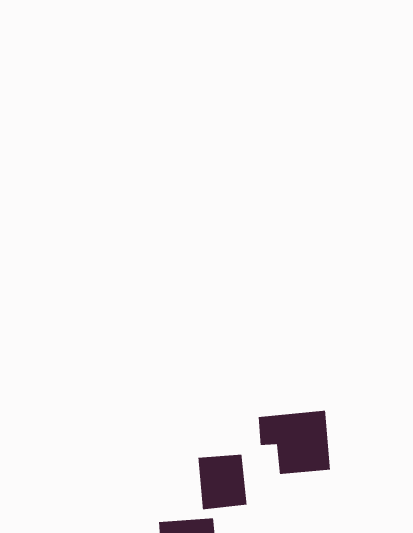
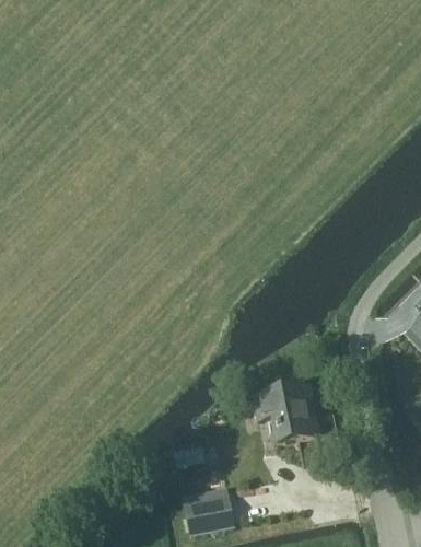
building: [198,454,247,510] -> none

